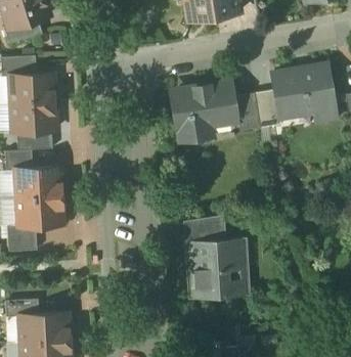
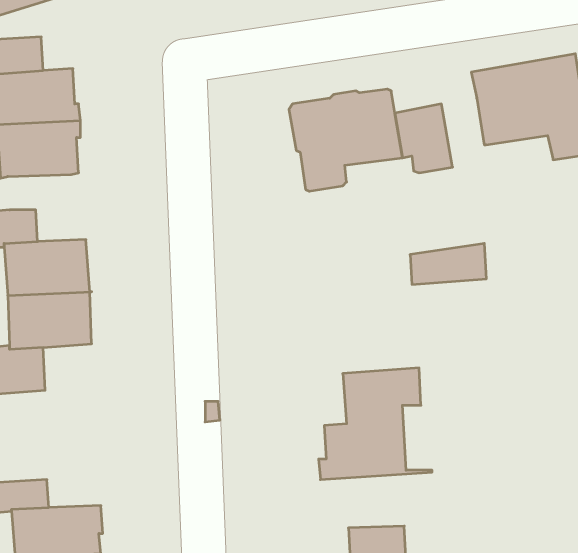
building: [256,89,281,127] -> none
building: [17,131,53,150] -> none
building: [184,215,226,237] -> [410,243,486,284]

